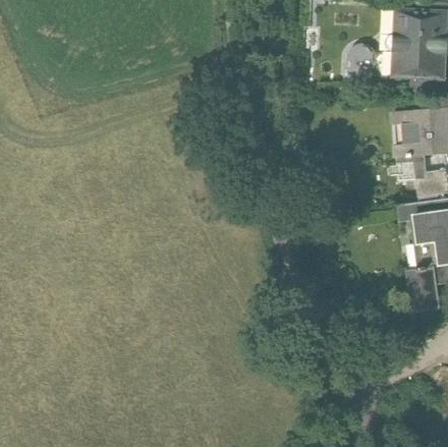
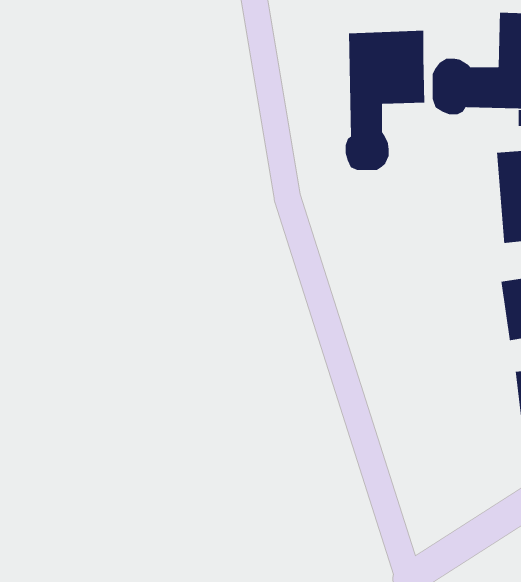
building: none -> [345,30,425,171]

